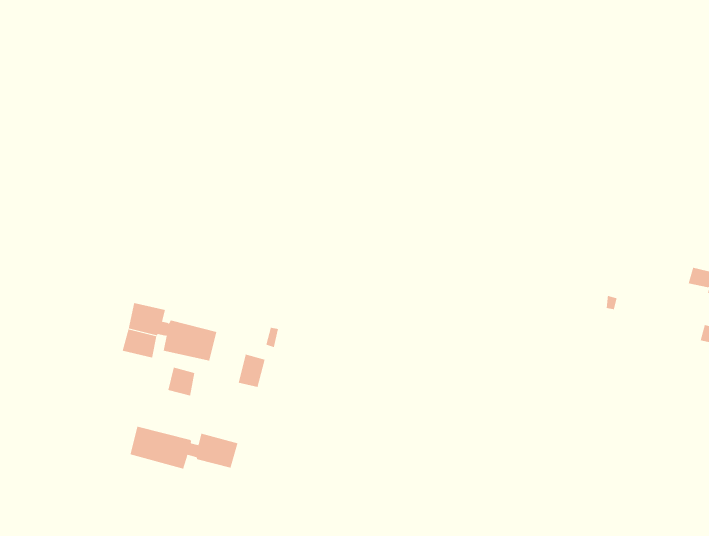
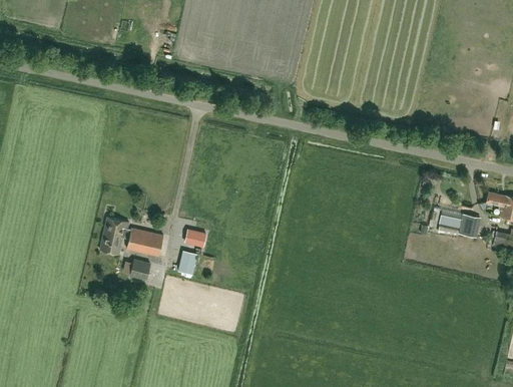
building: none -> [439,211,480,239]
building: [130,426,238,470] -> none

